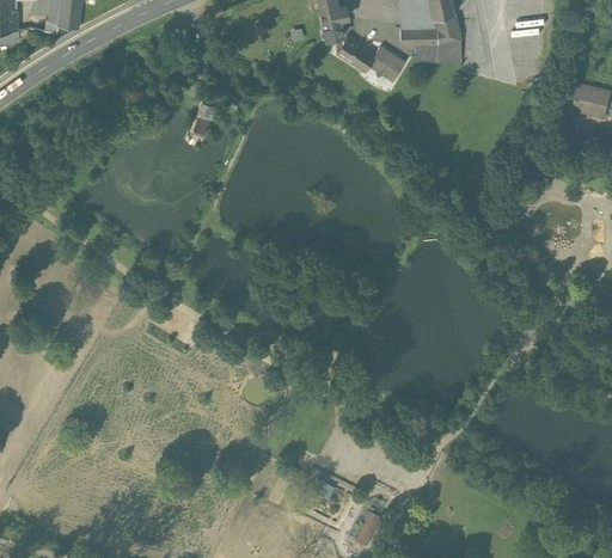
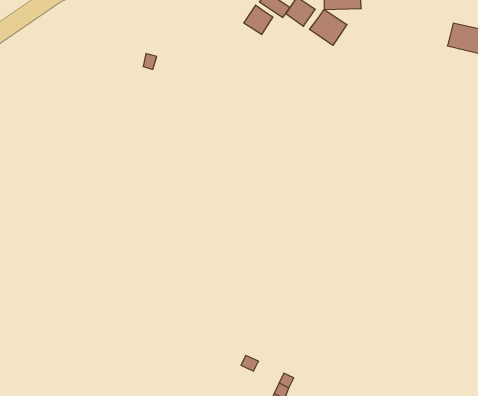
building: none -> [244,5,273,35]
building: none -> [310,10,347,45]

